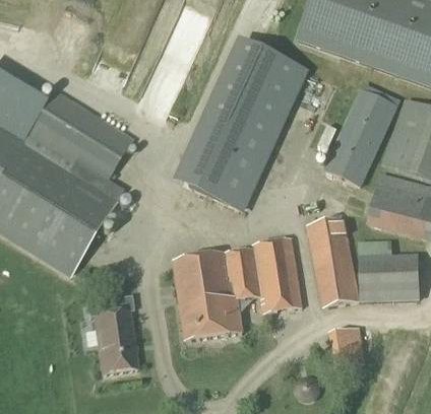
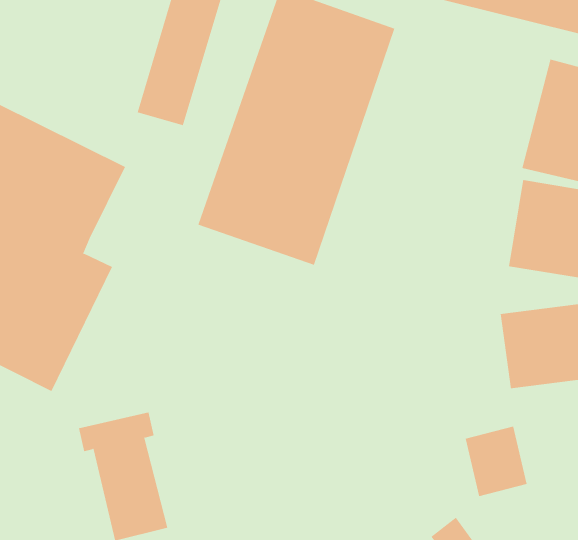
building: [325,88,396,184] -> none
building: [307,216,359,305] -> none
building: [173,236,301,339] -> none

